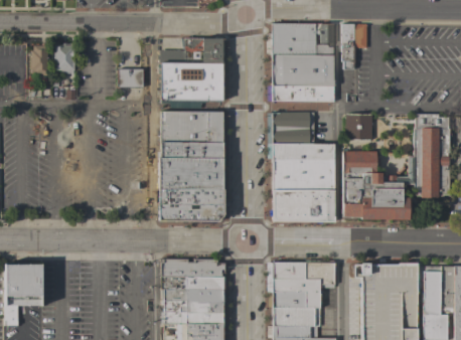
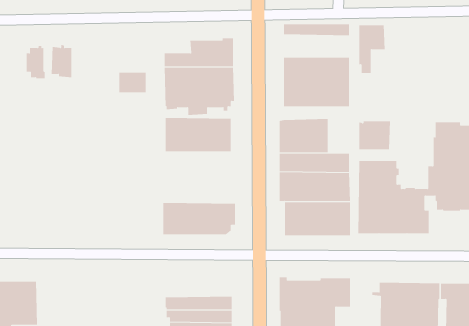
building: [267,33,334,54] -> none
building: [159,143,228,191] -> none
building: [161,258,225,279] -> none

